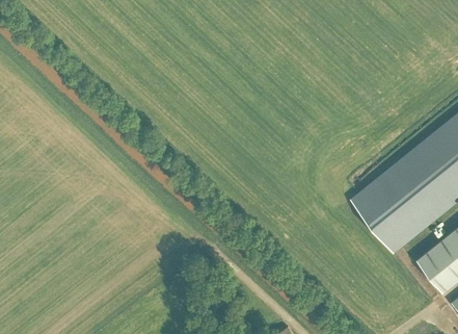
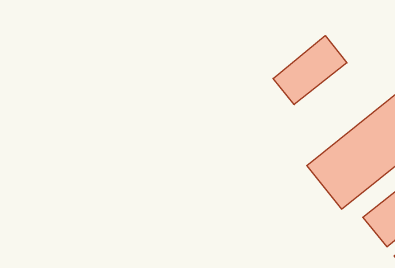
building: none -> [273,36,347,105]

